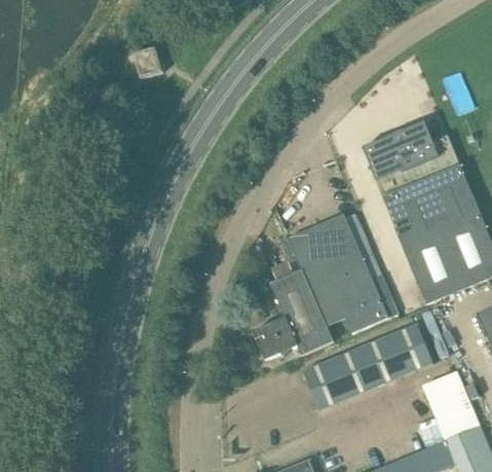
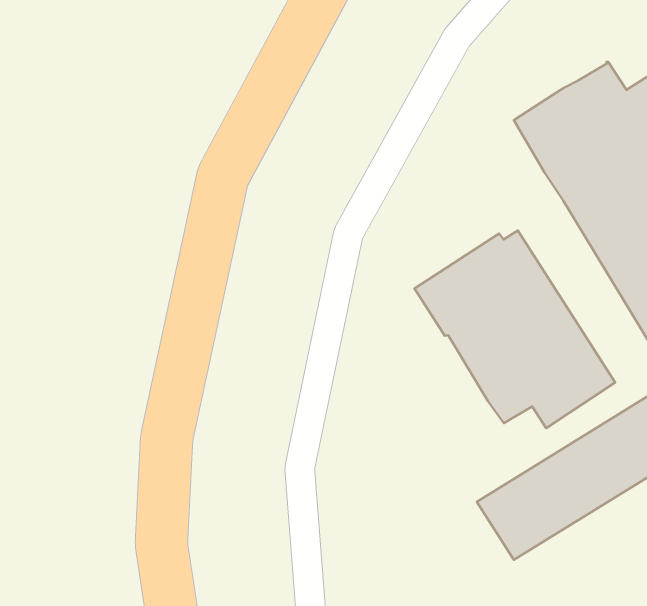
building: [133,46,163,78] -> none
building: [253,238,334,360] -> none

